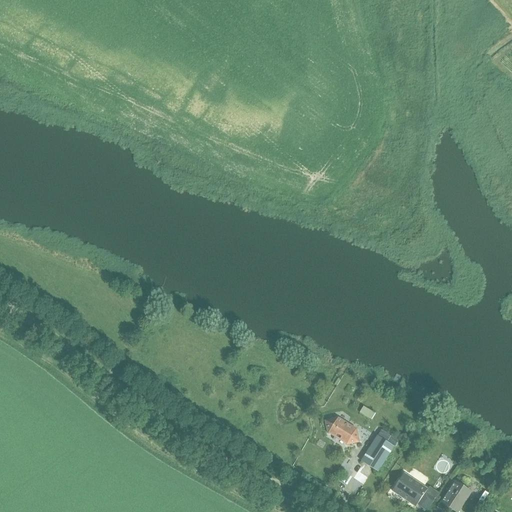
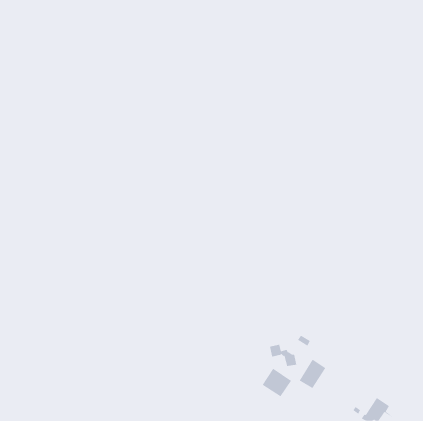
building: none -> [262,368,292,397]
building: [393,472,427,505] -> none

